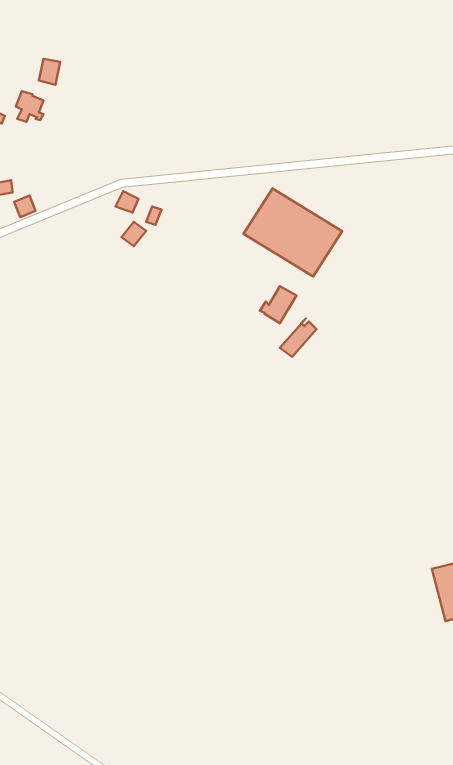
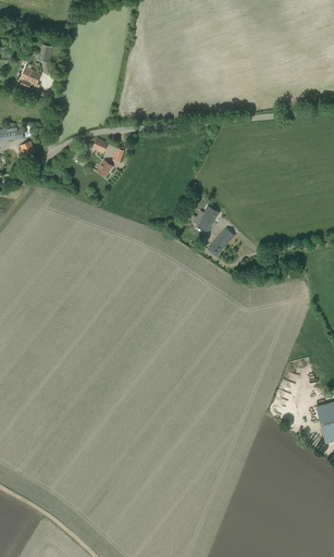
building: [243,188,342,277] -> none

